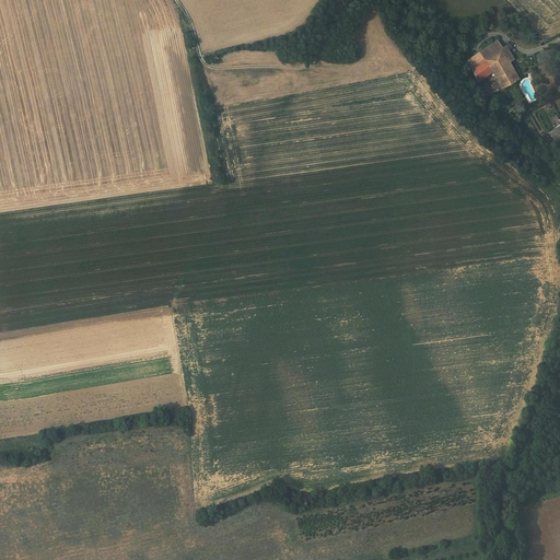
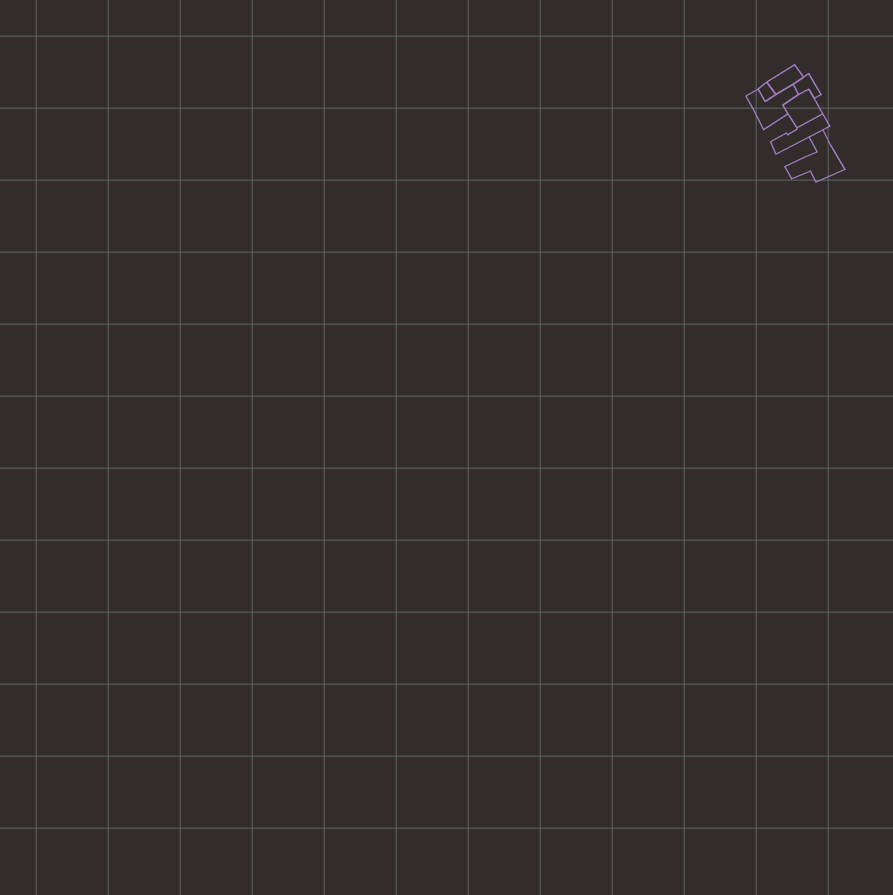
building: none -> [785,130,845,182]

